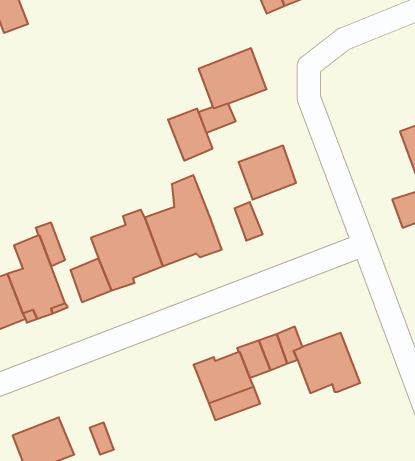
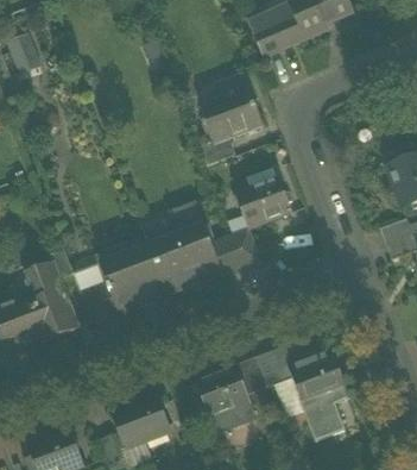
building: [168,108,212,161] -> none
building: none -> [210,236,244,274]
building: none -> [110,396,171,450]
building: none -> [303,399,337,440]

